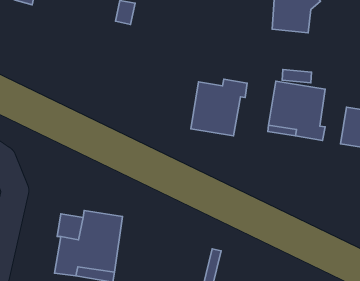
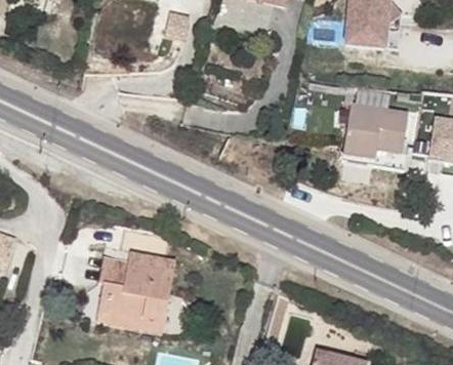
building: [191,79,247,136] -> none

